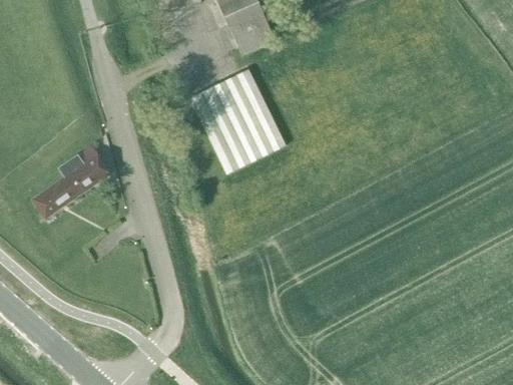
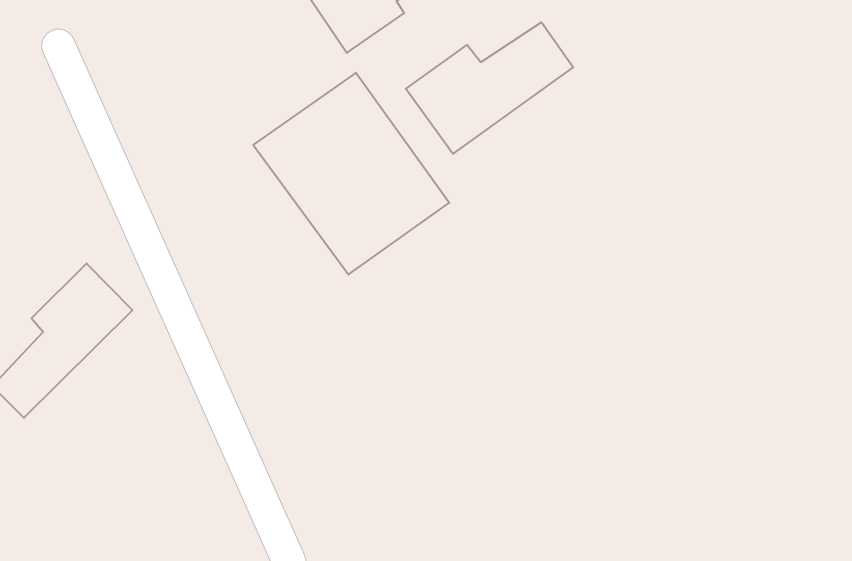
building: none -> [406,22,573,154]

